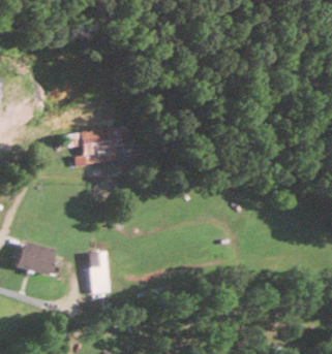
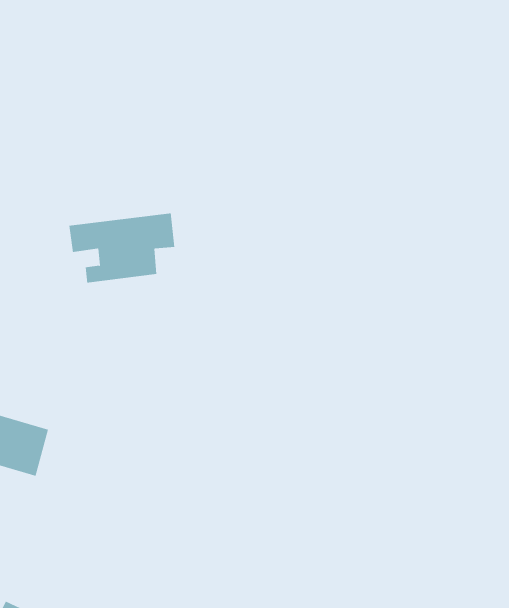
building: [87,252,110,295] -> none

